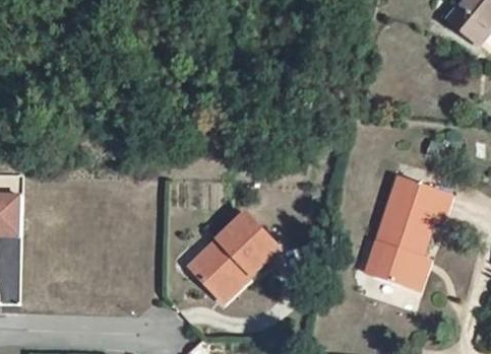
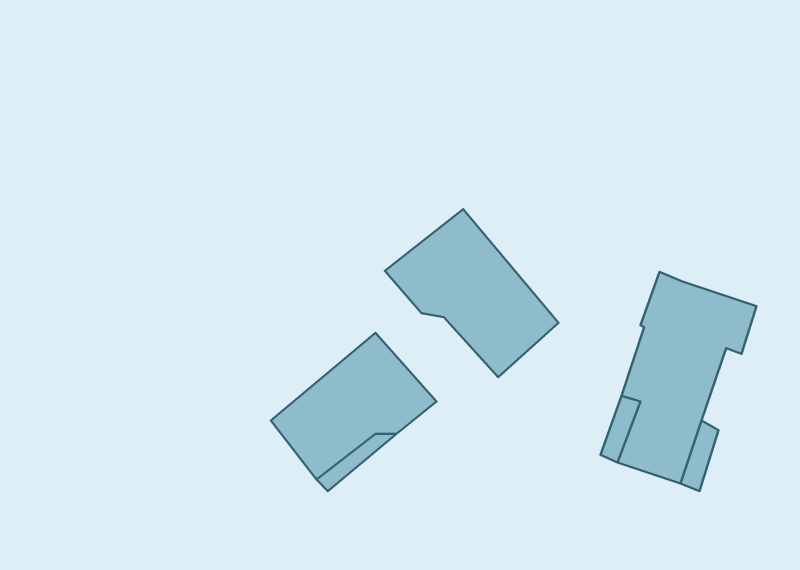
building: none -> [385,209,558,377]

